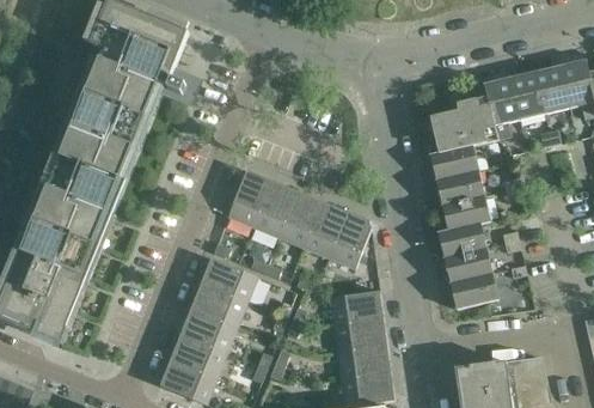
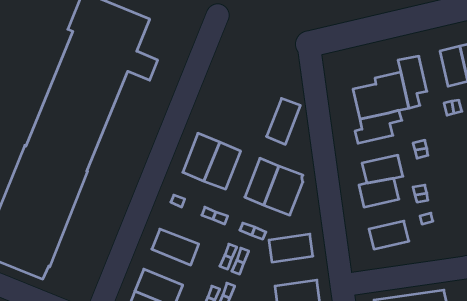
building: [509,72,544,120] -> none
building: [436,172,484,206] -> none
building: [278,191,319,246] -> [266,98,300,144]
building: [443,249,491,285] -> none
building: [200,258,257,303] -> none
building: [180,309,237,352] -> none
building: [333,317,387,353] -> none

